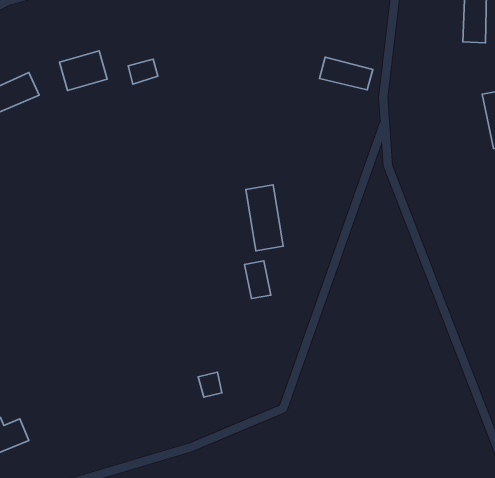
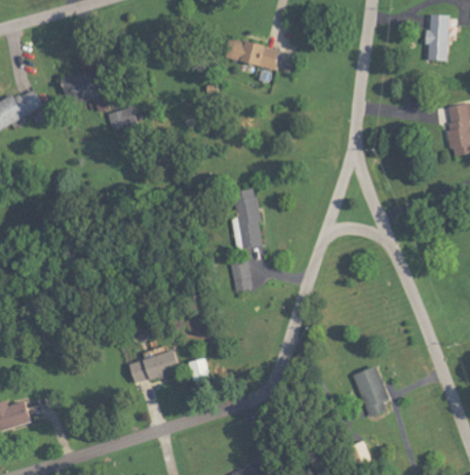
building: [319,57,373,90] -> [231,38,279,68]
building: [128,59,158,84] -> [106,108,132,130]
building: none -> [129,351,180,384]
building: none -> [352,366,390,417]

